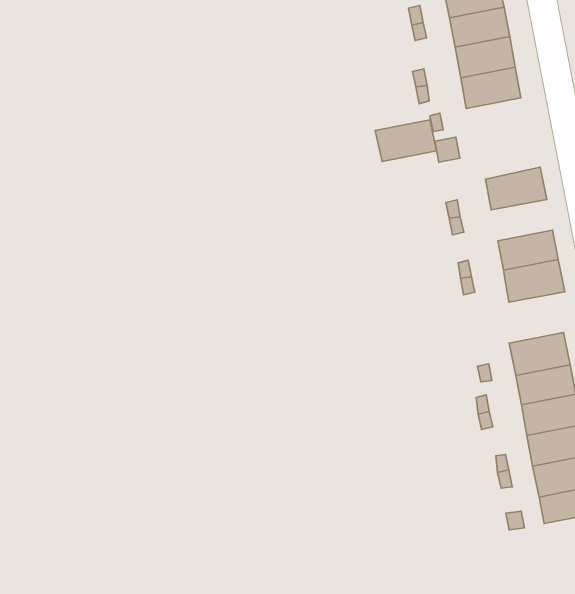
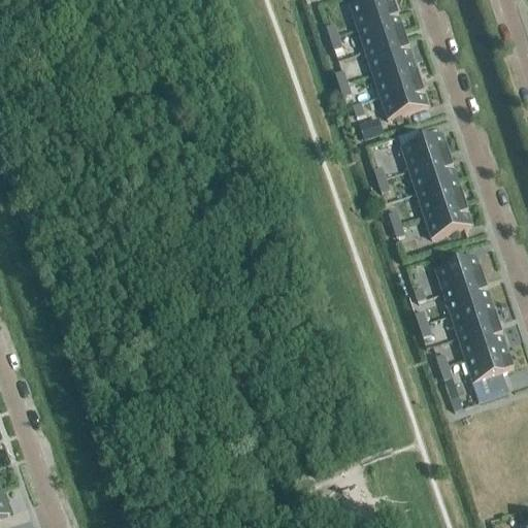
building: [375,120,437,161] -> [380,81,428,118]
building: none -> [408,156,457,192]

